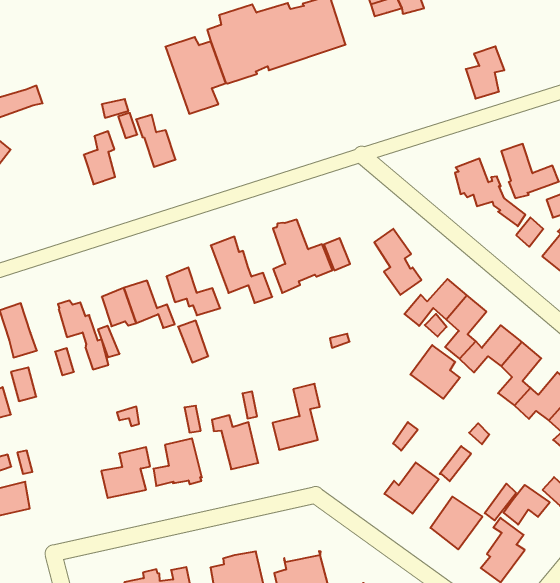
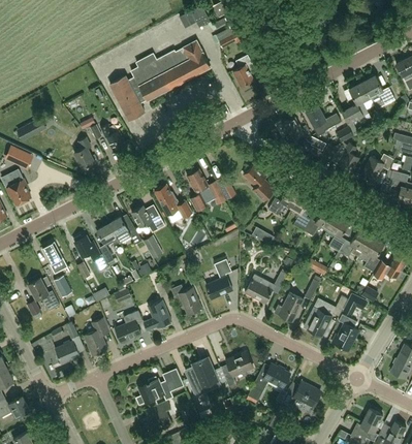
building: [466,46,504,99] -> [232,55,254,86]
building: [410,345,460,399] -> [245,274,273,303]
building: none -> [85,318,109,355]

